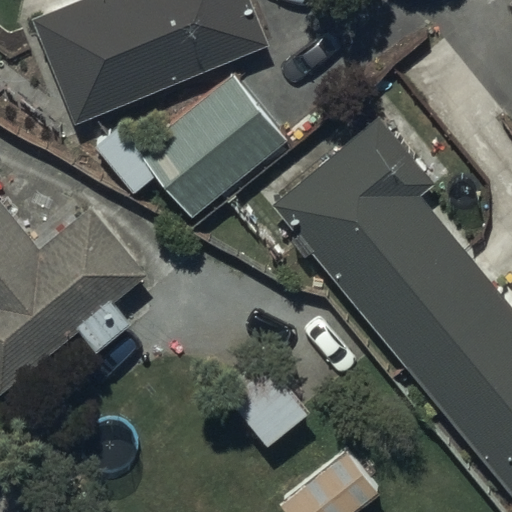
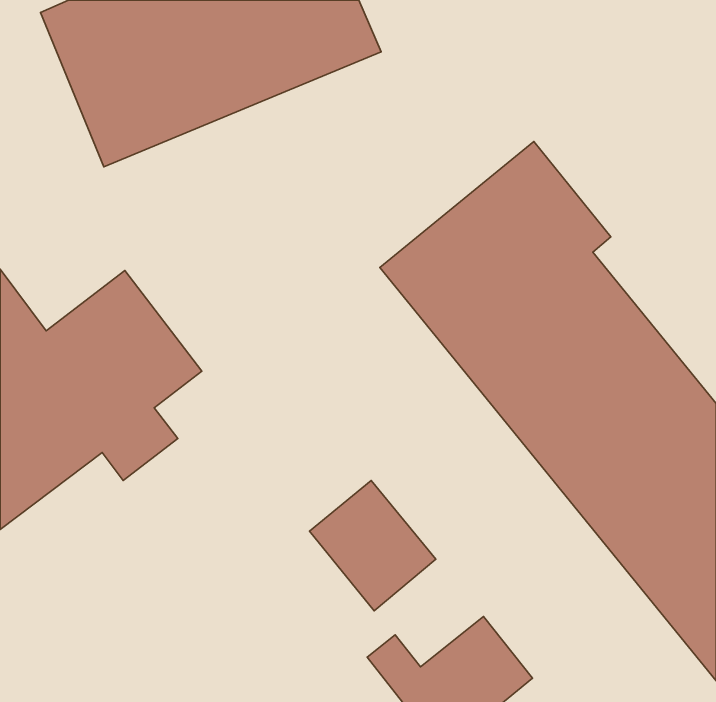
building: [91,69,289,217] -> none

